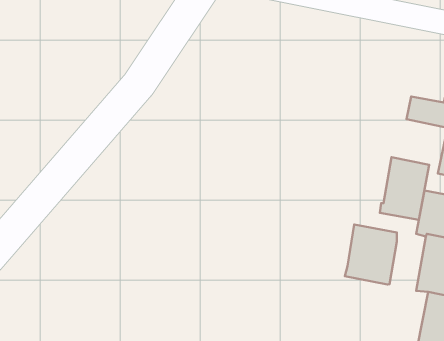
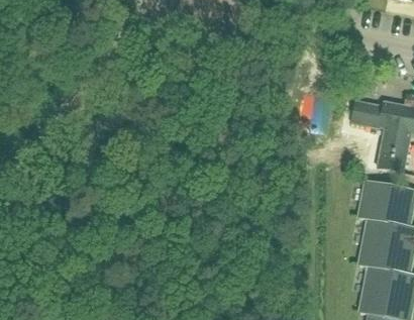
building: [380,157,429,220] -> none
building: [345,224,397,284] -> none

